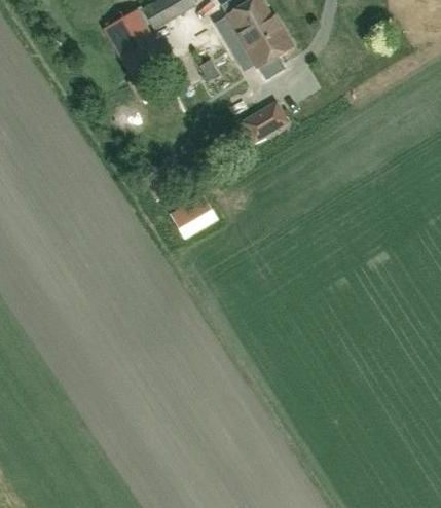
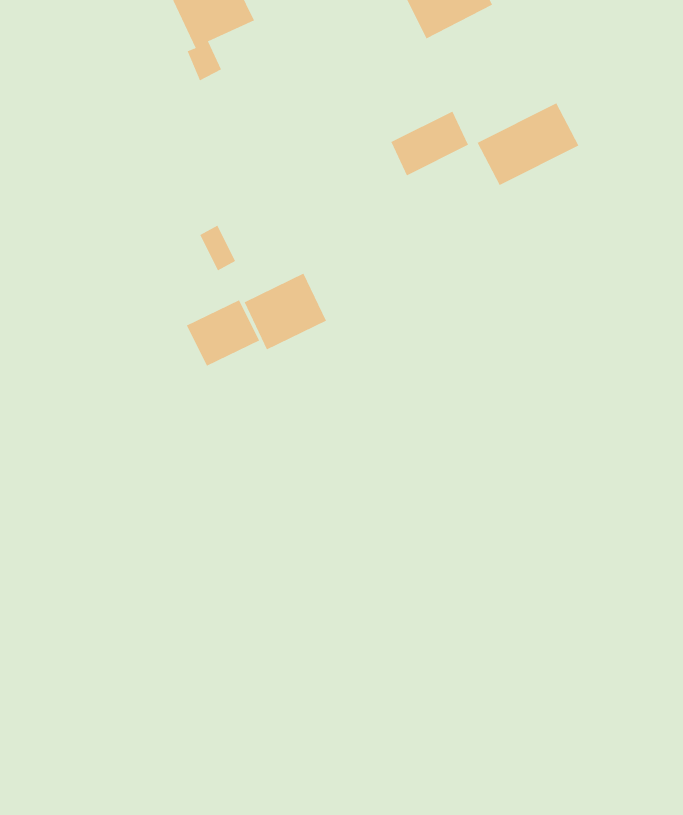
building: none -> [477,103,579,186]
building: none -> [186,299,260,366]

